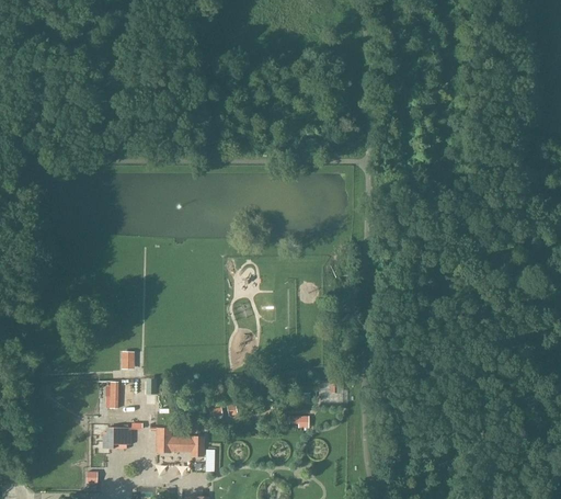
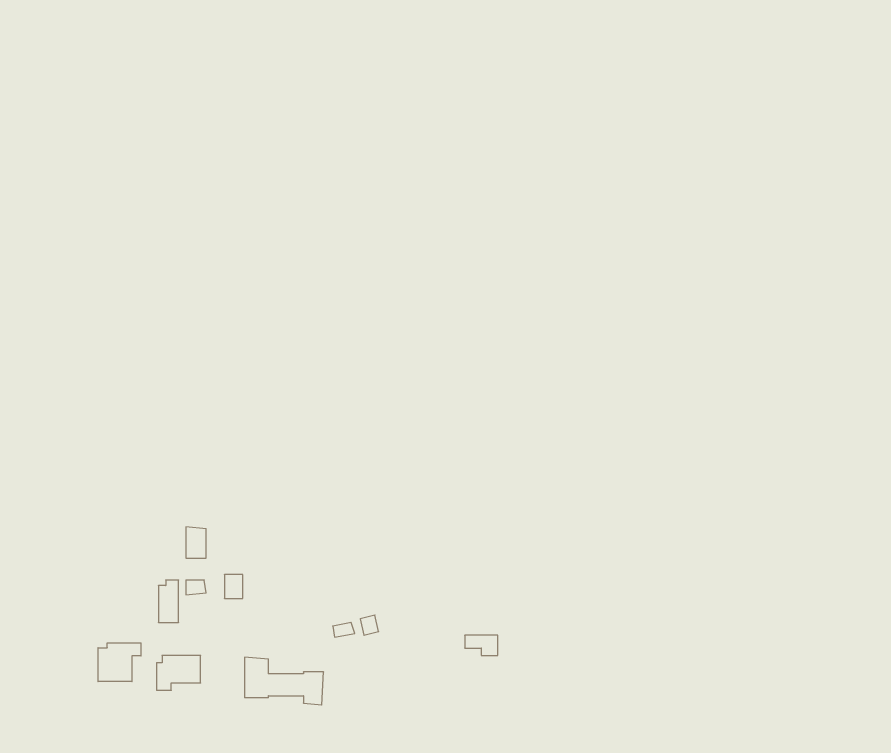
building: none -> [98,643,141,682]

